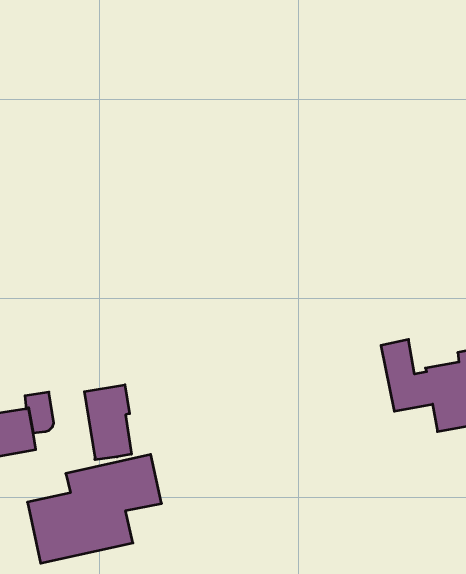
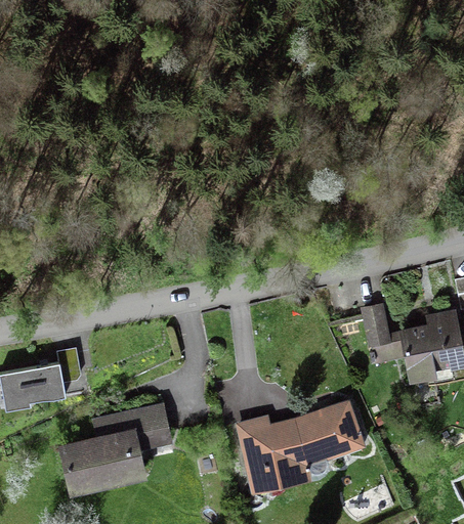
building: [84,385,131,460] -> none
building: none -> [236,399,366,495]

